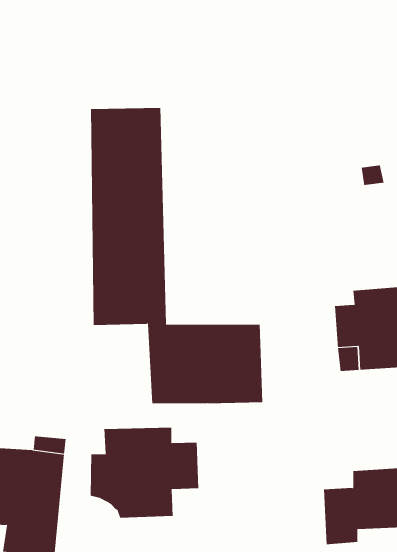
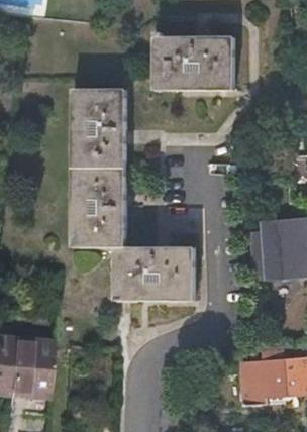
building: none -> [152,29,233,89]
building: [90,427,199,519] -> none

